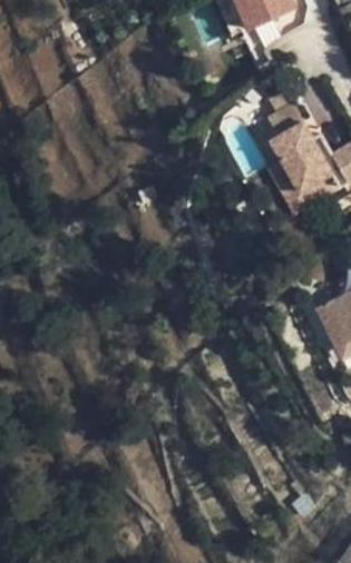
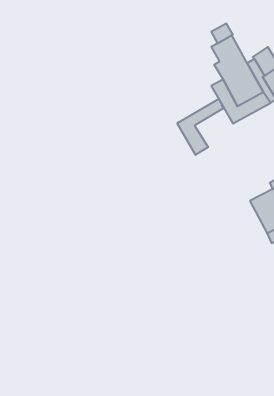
building: none -> [177,99,223,155]

